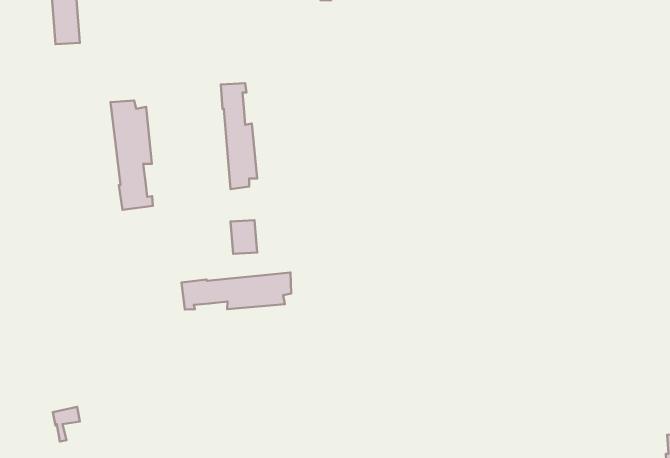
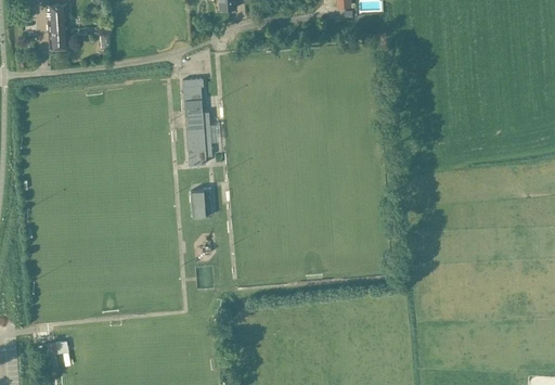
building: [110,101,153,210] -> none
building: [181,272,291,310] -> none

